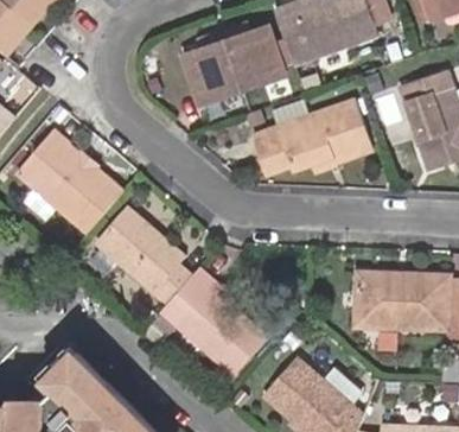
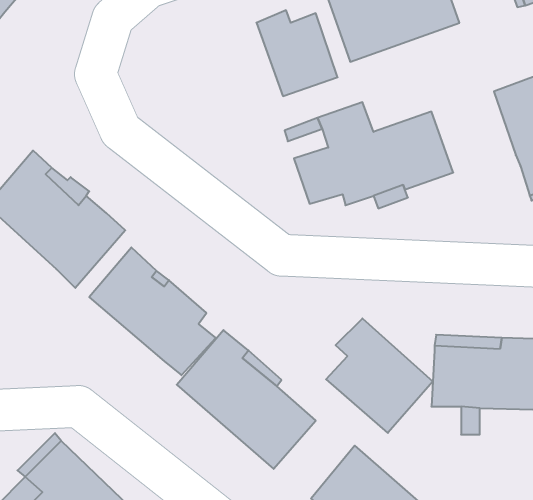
building: [181,34,242,106] -> none
building: none -> [326,318,433,433]

